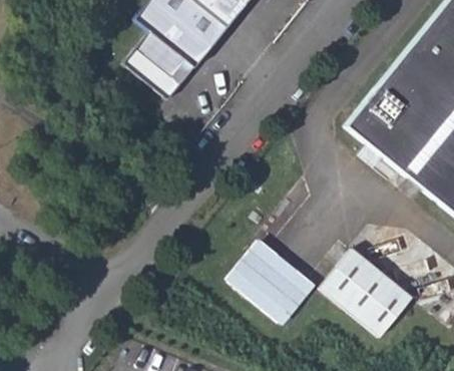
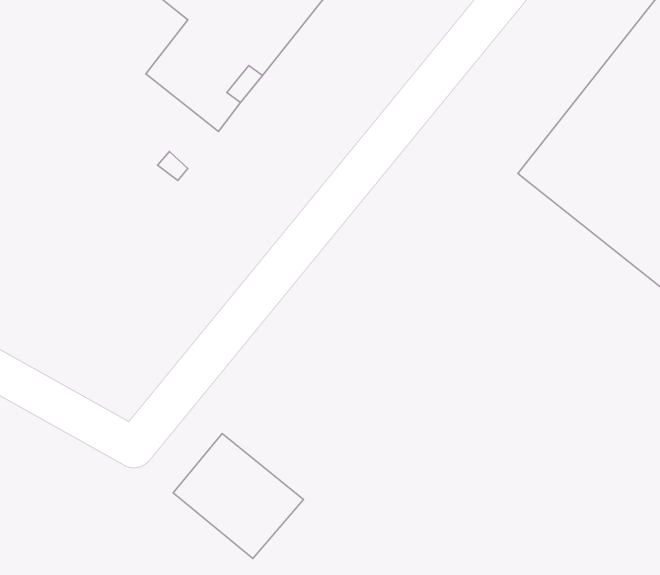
building: [239,247,316,321] -> [173,434,303,559]
building: [322,249,413,337] -> none

